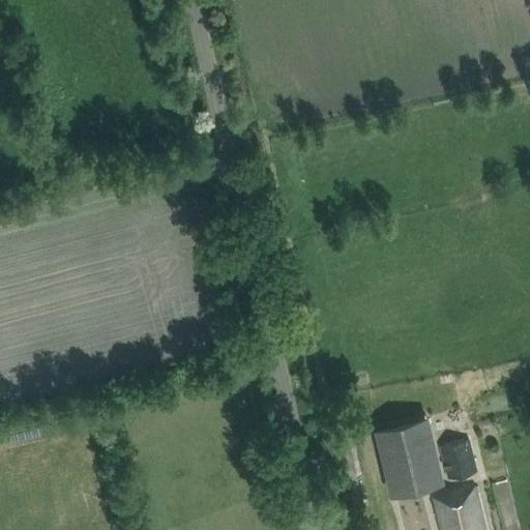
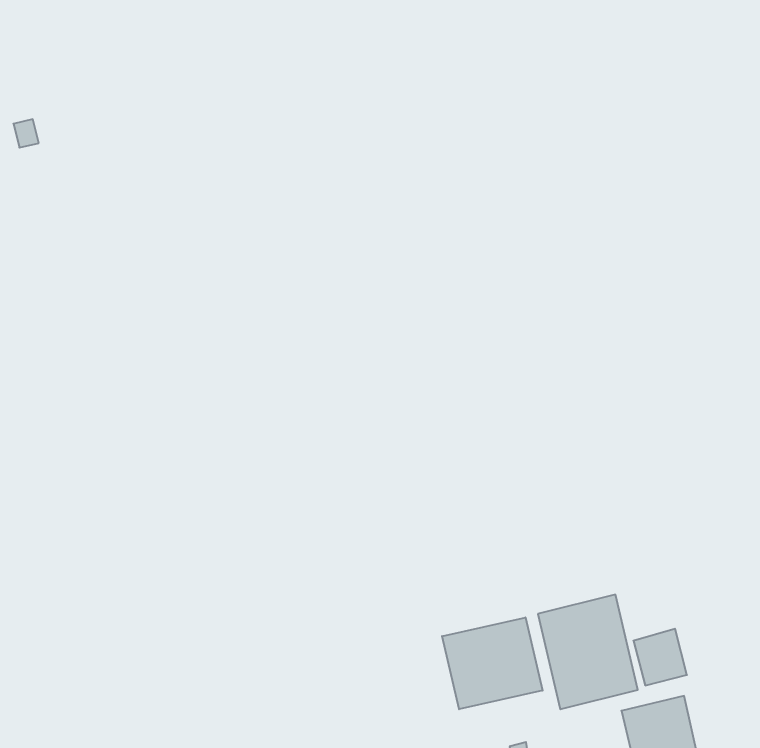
building: none -> [442,617,543,709]

